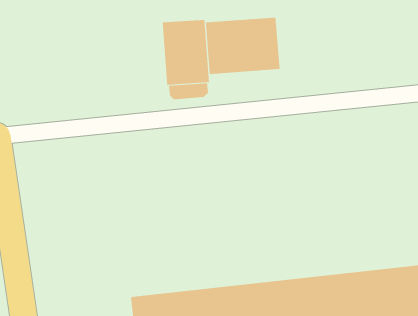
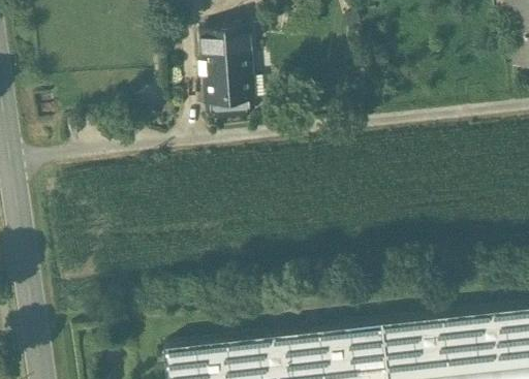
building: [205,17,280,75] -> none

